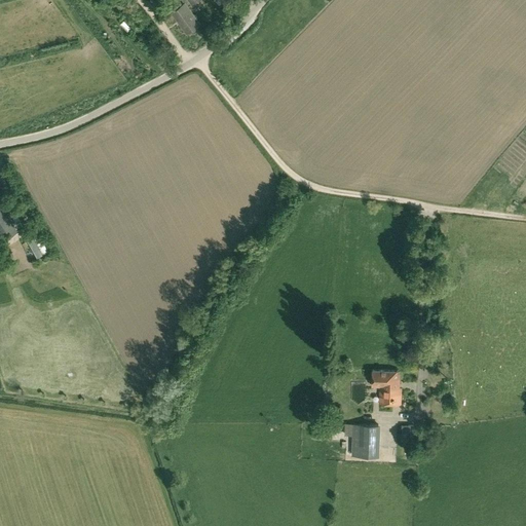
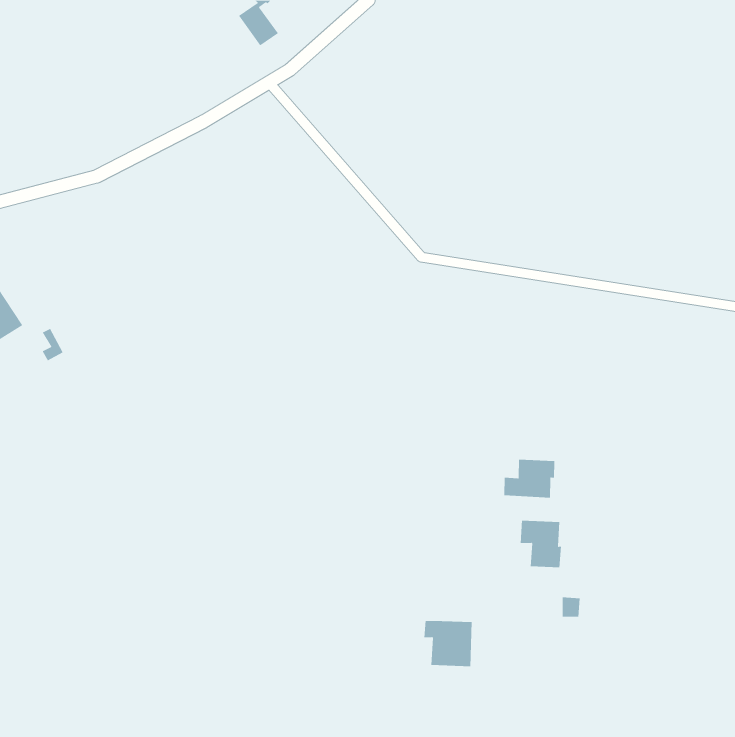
building: none -> [504,459,555,498]
building: [344,424,379,457] -> [423,620,473,667]

